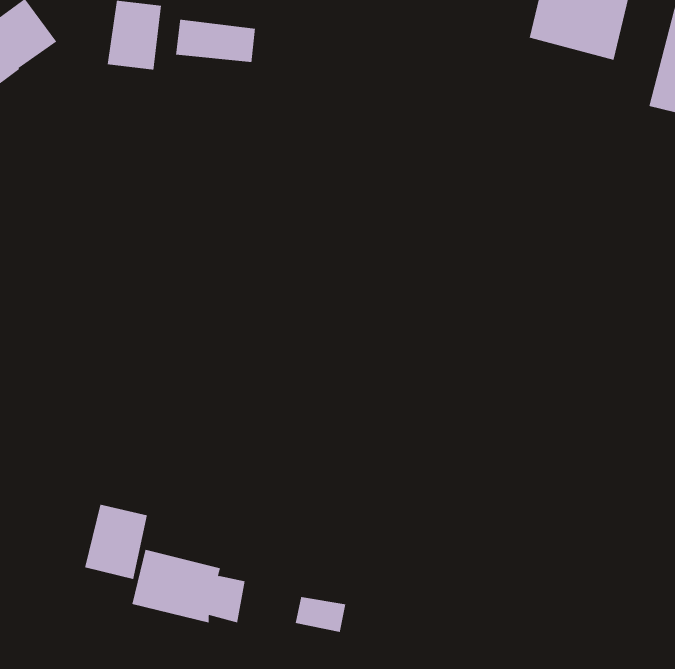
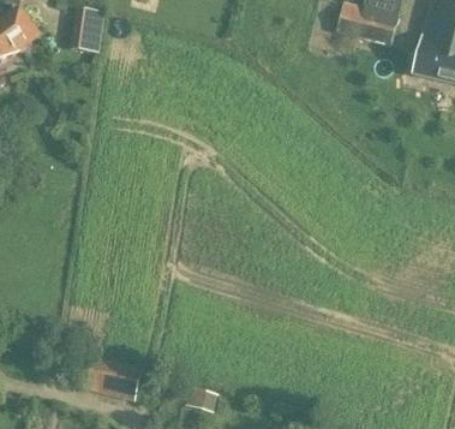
building: [176,19,256,63] -> none
building: [84,504,148,580] -> none

